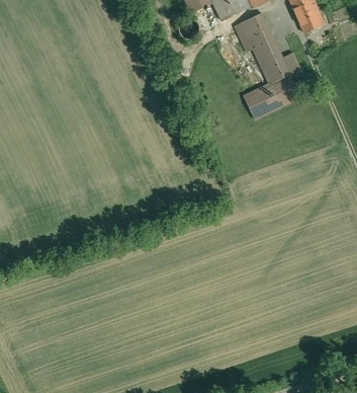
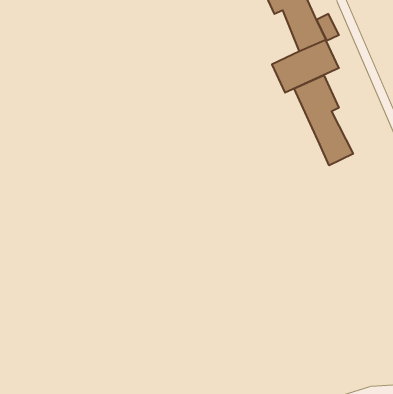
building: none -> [294,75,353,165]

